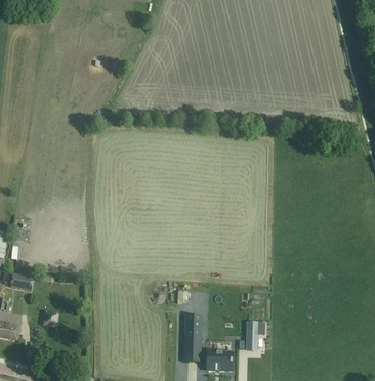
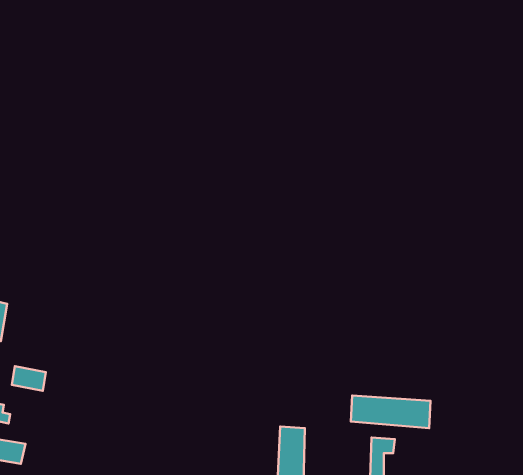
building: none -> [351,396,431,428]

